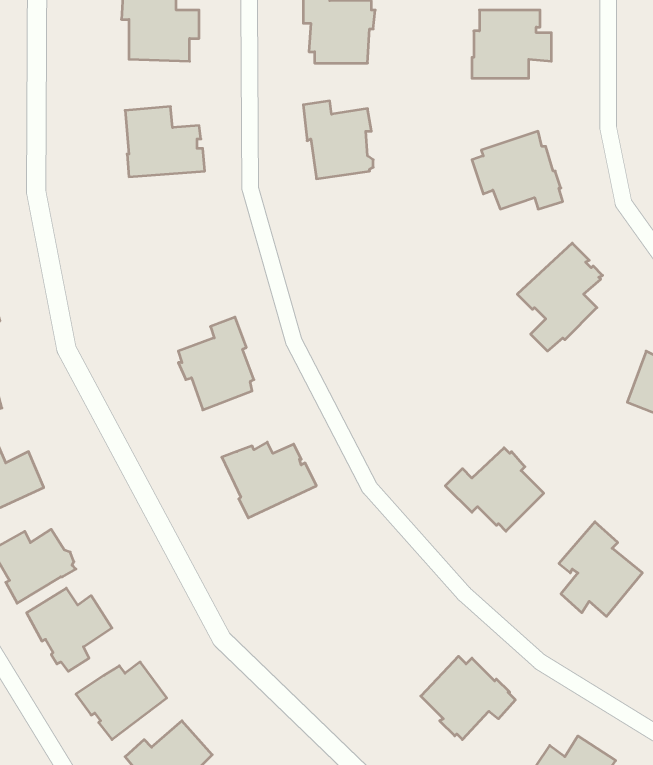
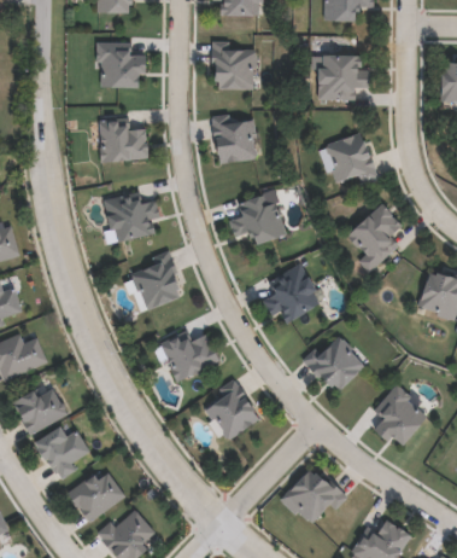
building: none -> [229,190,286,245]
building: none -> [102,191,159,243]
building: none -> [263,263,320,325]
building: none -> [204,378,259,438]

